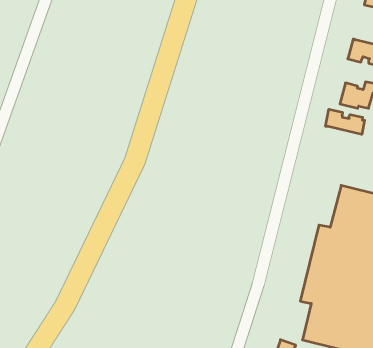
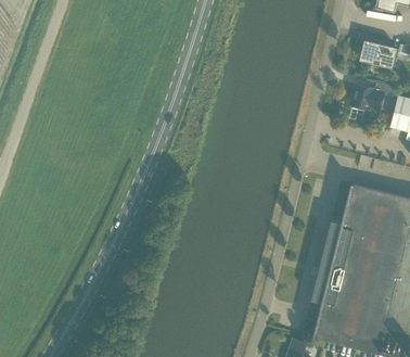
building: [326,109,365,134] -> none

